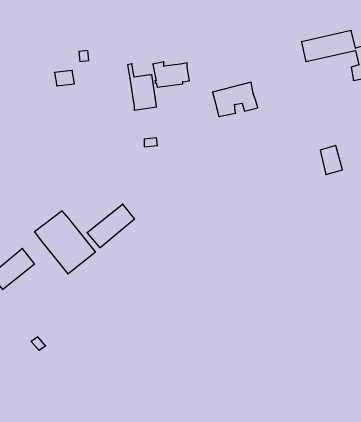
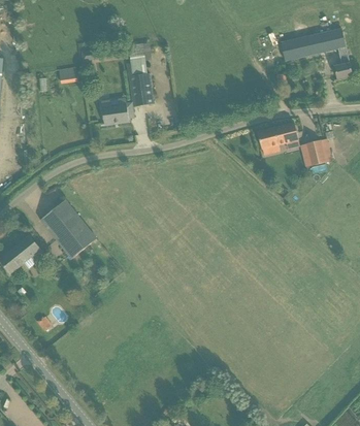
building: [153,62,189,87] -> [100,100,134,124]
building: [212,82,258,117] -> [257,122,299,154]
building: [87,204,134,248] -> none

